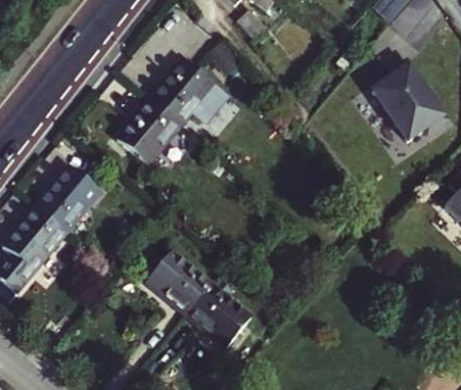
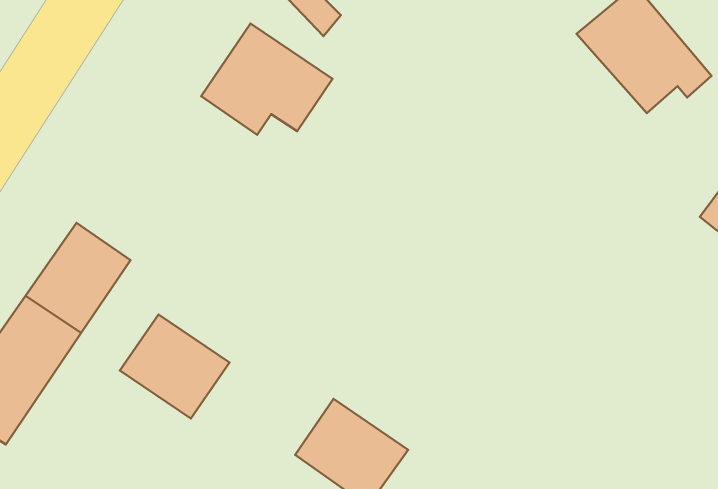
building: [116,101,180,167] -> none
building: [146,253,211,315] -> [120,315,229,418]

